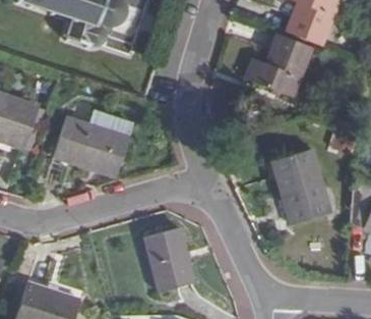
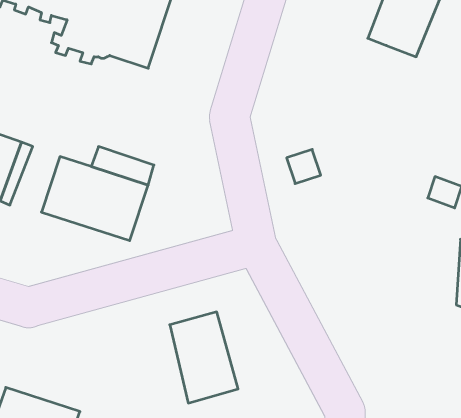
building: [244,33,312,97] -> none
building: [271,150,330,224] -> none

